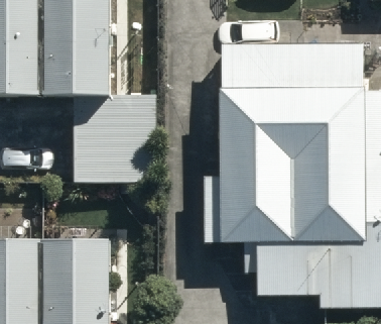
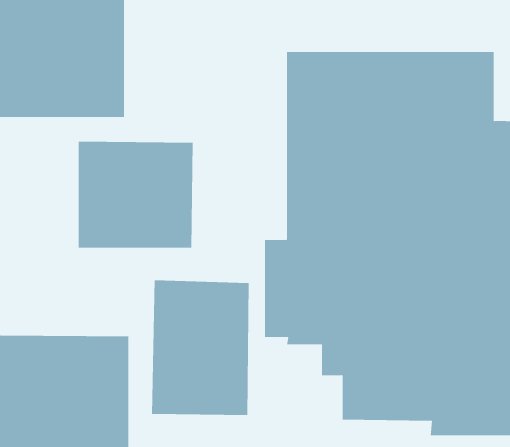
building: none -> [151,279,249,416]

